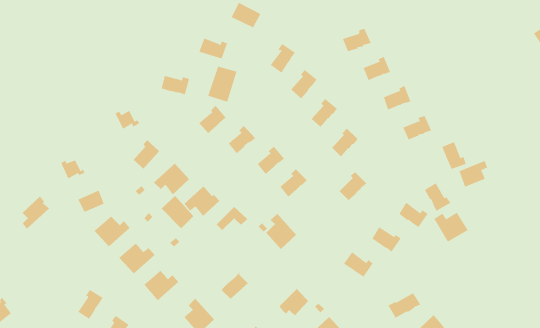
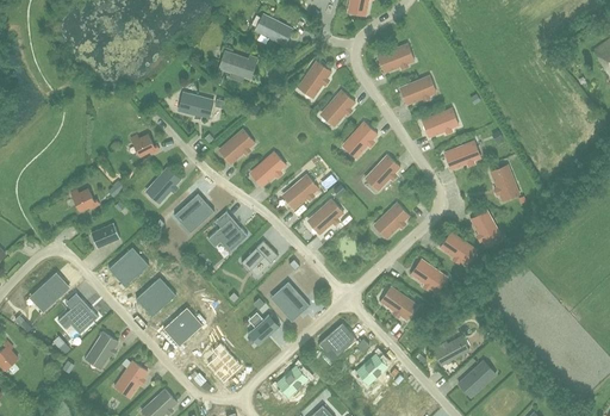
building: [208,66,237,103] -> none
building: [459,160,488,187] -> none
building: [161,195,194,229] -> none
building: [22,196,50,234] -> [36,273,67,316]
building: [433,212,468,243] -> none
building: [266,213,297,250] -> [274,281,309,322]
building: none -> [57,300,98,334]

